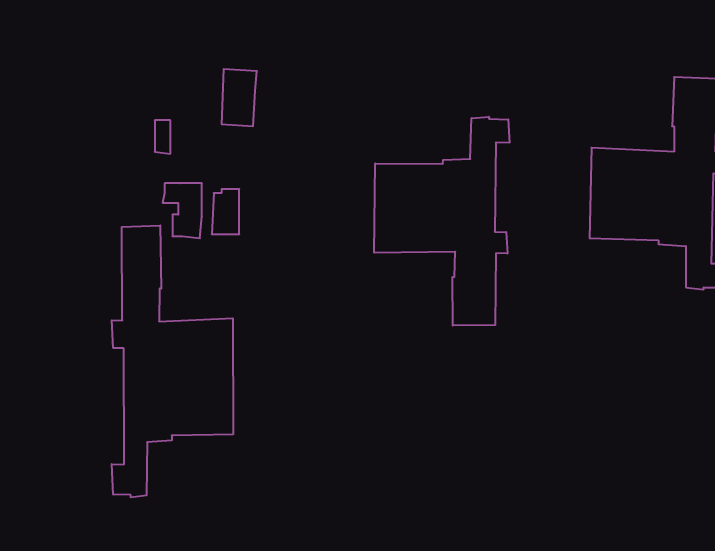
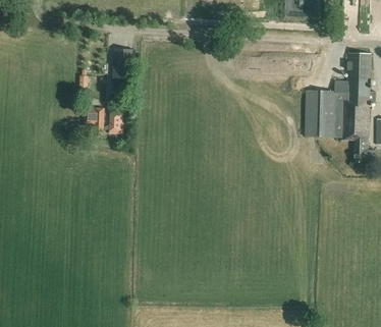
building: [374,117,509,326] -> none
building: [112,225,233,497] -> none

